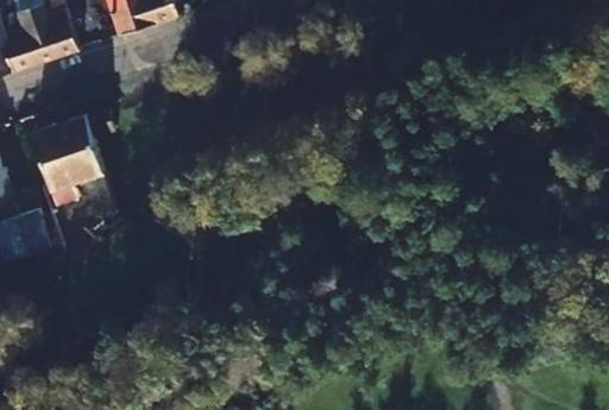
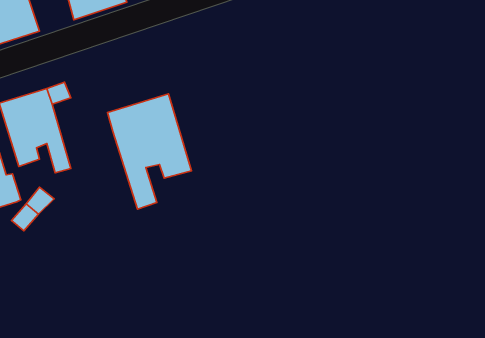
building: none -> [107,94,191,209]

